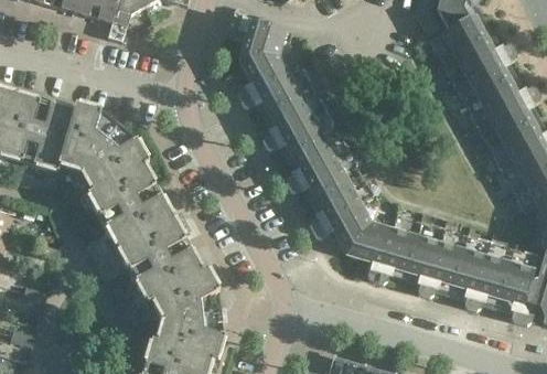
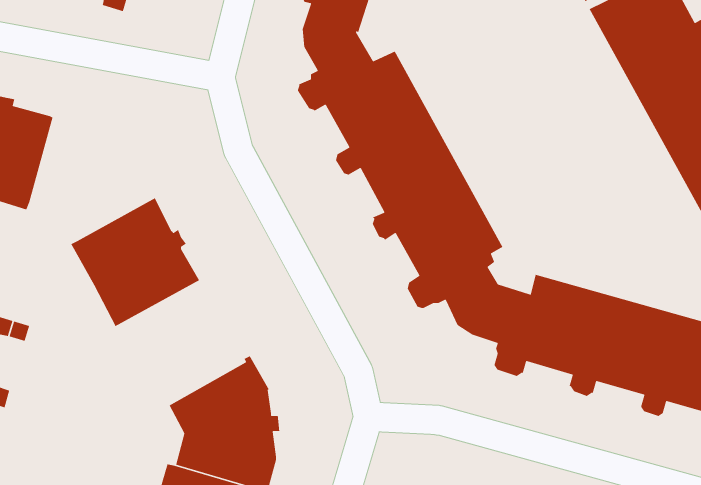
building: [61,103,149,191] -> none
building: [117,217,203,302] -> none

